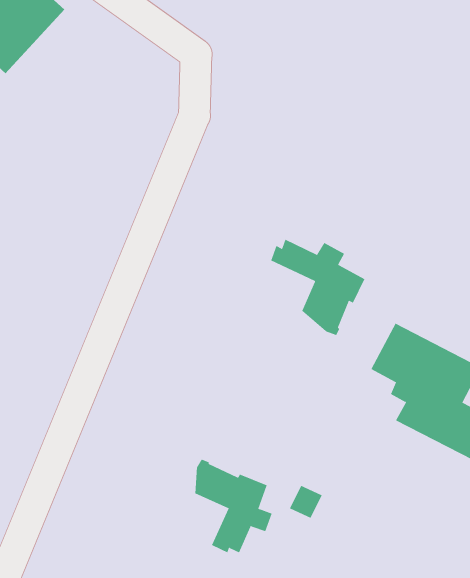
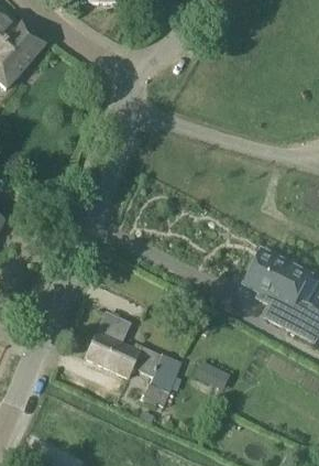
building: [270,239,365,336] -> none
building: none -> [85,312,131,376]

